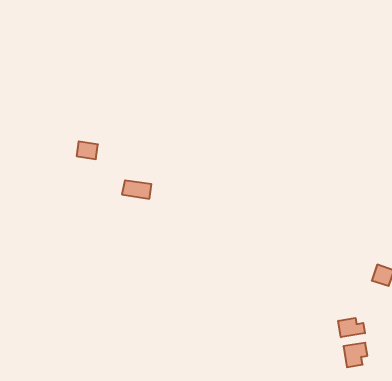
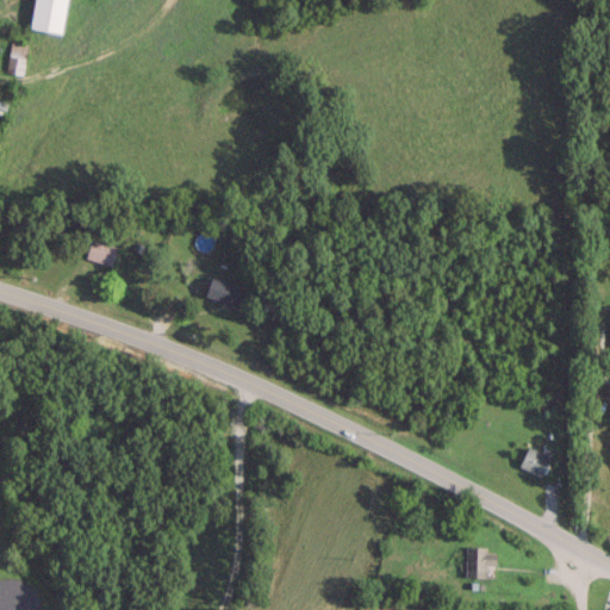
building: [77,141,98,159] -> [87,241,118,268]
building: [338,318,365,337] -> none

